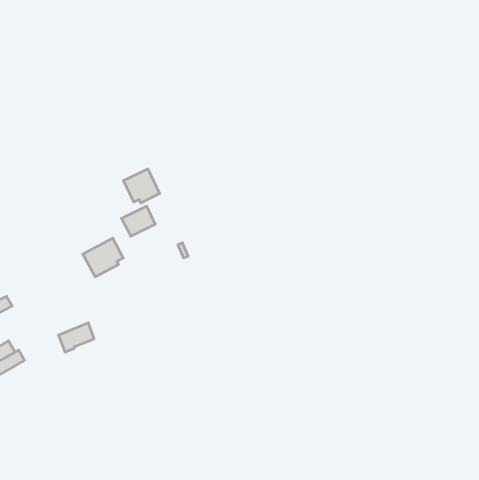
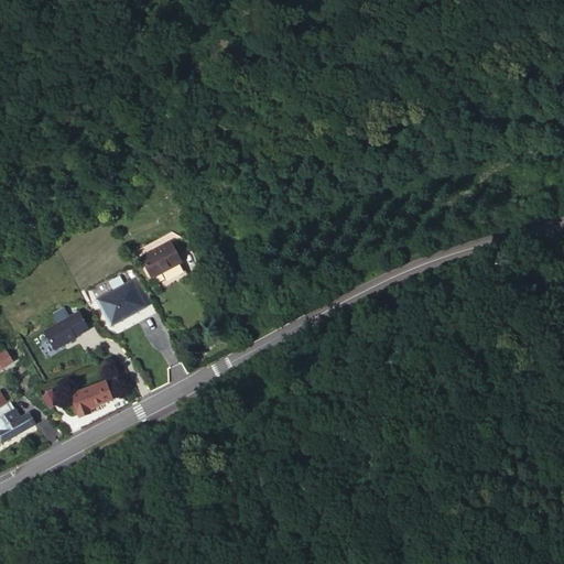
building: [123,169,160,203] -> none
building: none -> [42,311,87,348]

